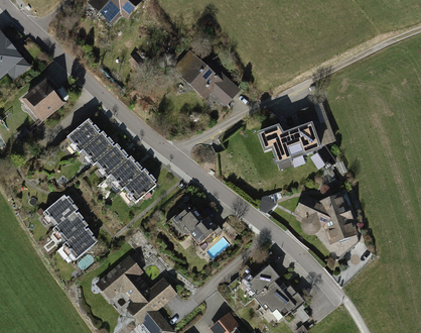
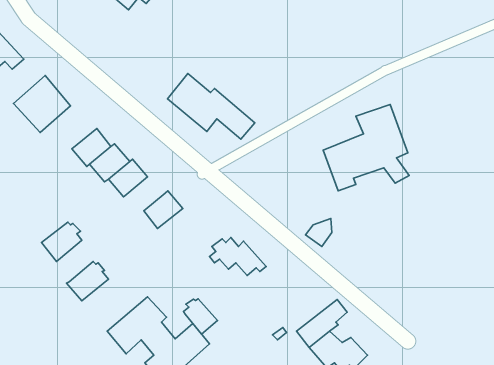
building: [170,50,240,103] -> [168,73,255,139]
building: [109,158,141,189] -> none
building: [293,193,359,244] -> none
building: [52,212,85,243] -> none
building: none -> [184,299,217,334]

